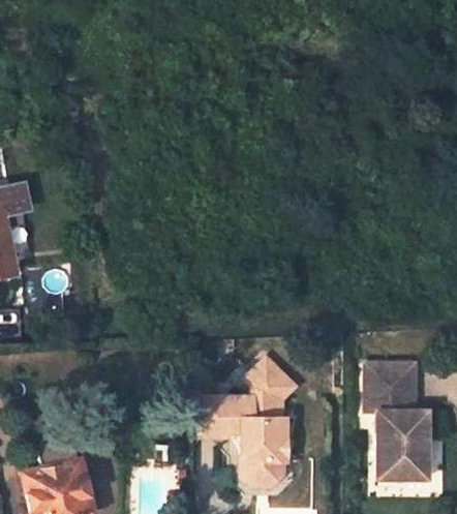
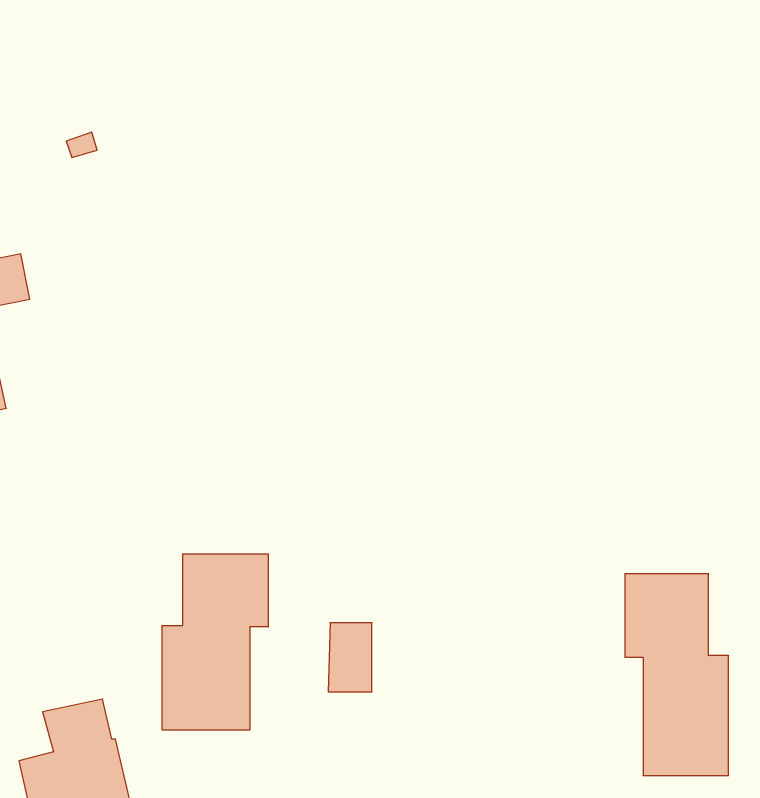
building: [230,356,296,479] -> none
building: none -> [162,554,268,730]

